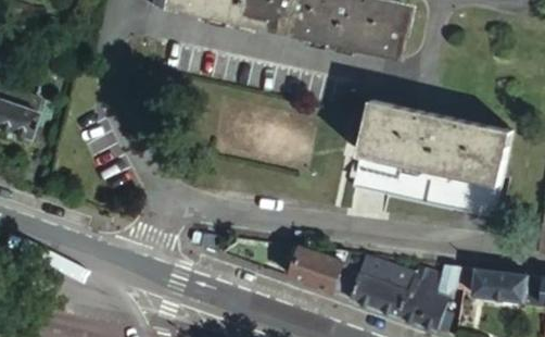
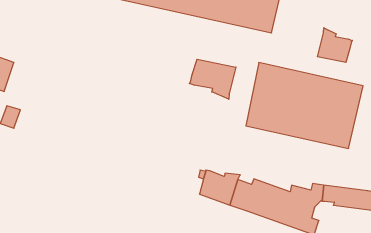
building: none -> [317,28,352,62]
building: none -> [189,59,236,99]

